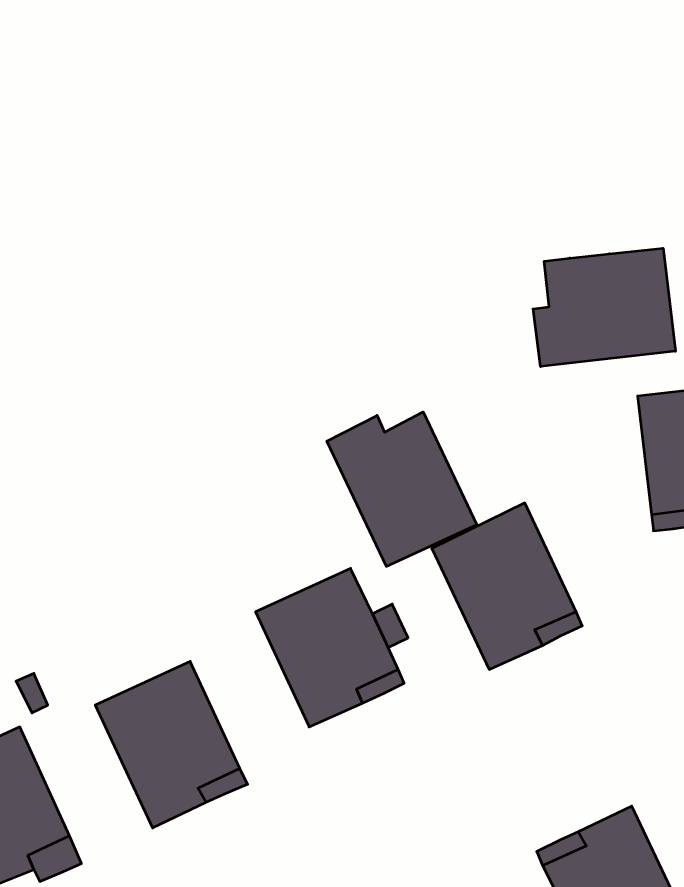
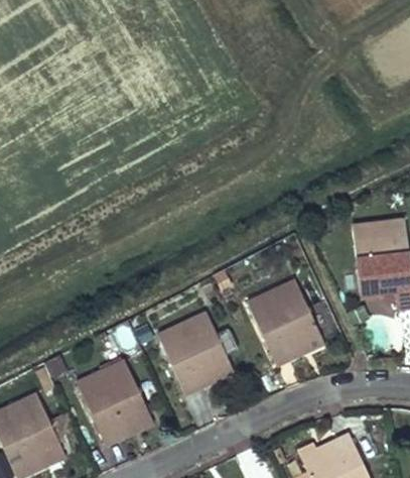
building: [533,248,675,367] -> none
building: [327,412,477,566] -> none

